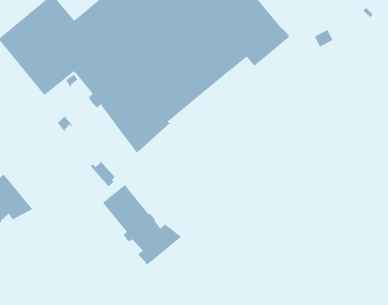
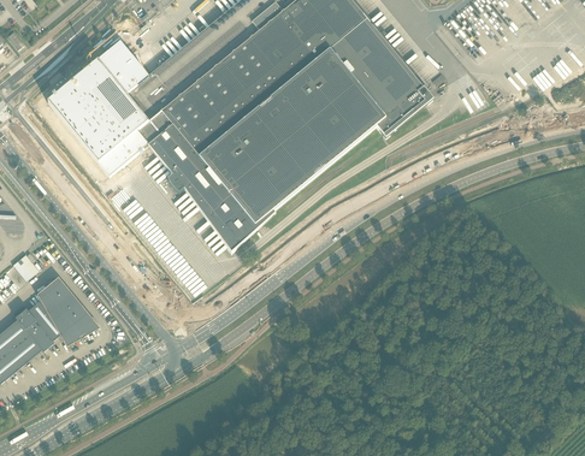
building: [102,184,182,265] -> none

